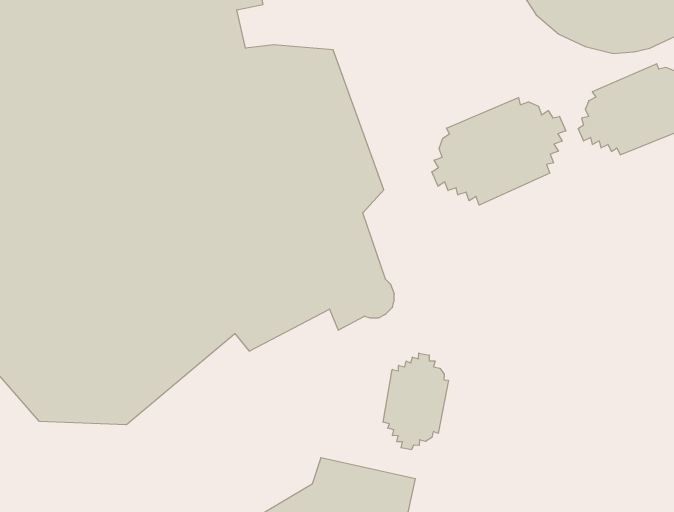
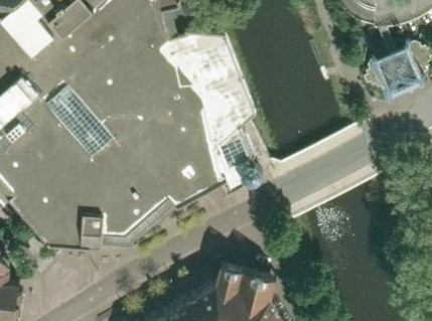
building: [432,98,566,205] -> none
building: [383,353,448,450] -> none

